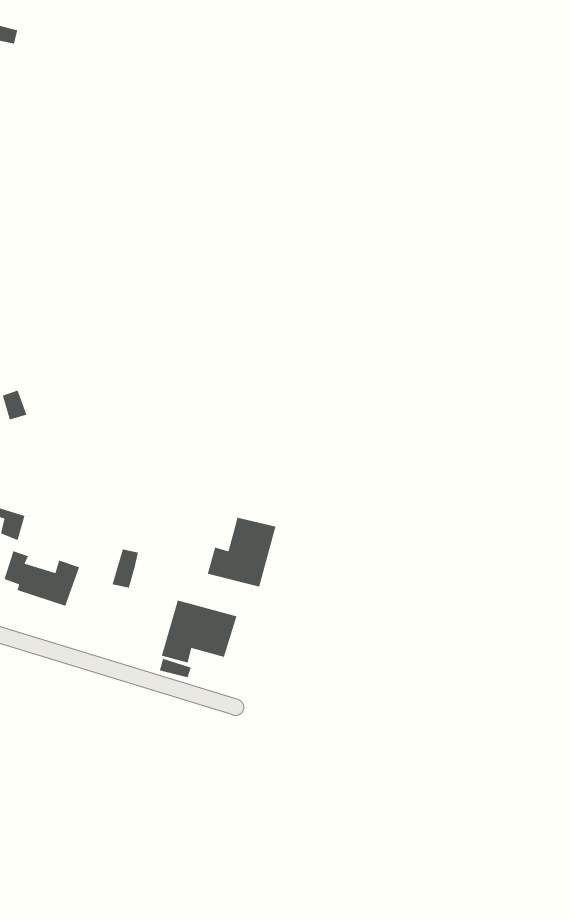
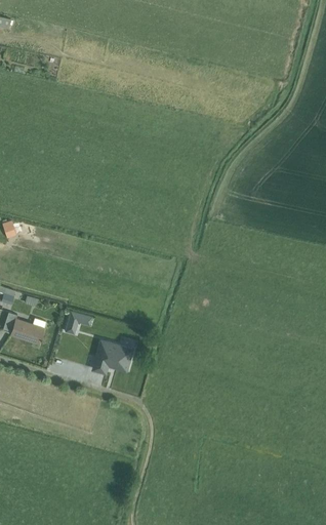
building: [207,517,277,588] -> none

